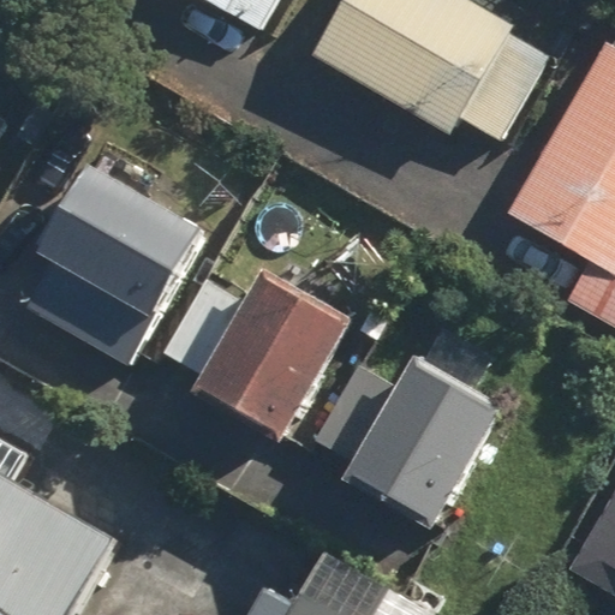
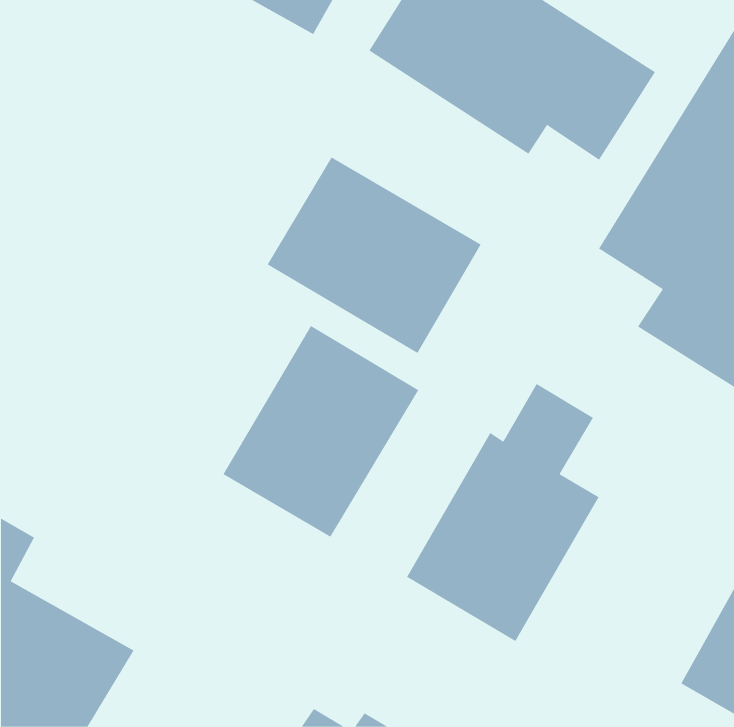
building: none -> [267,156,481,354]
building: [8,162,208,365] -> none

